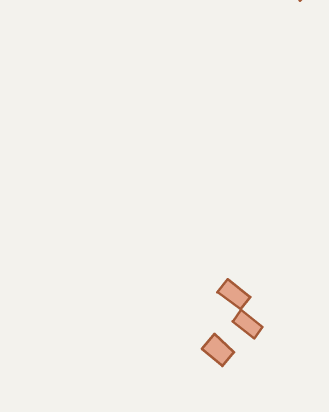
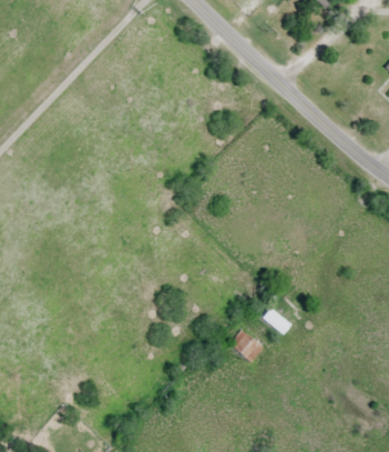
building: [217,279,250,309] -> none

